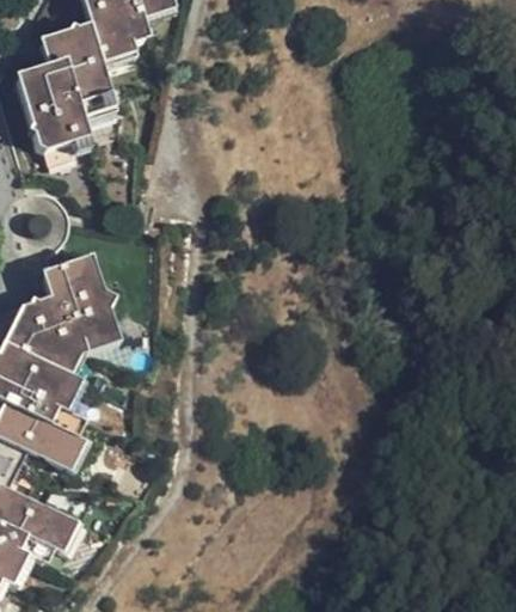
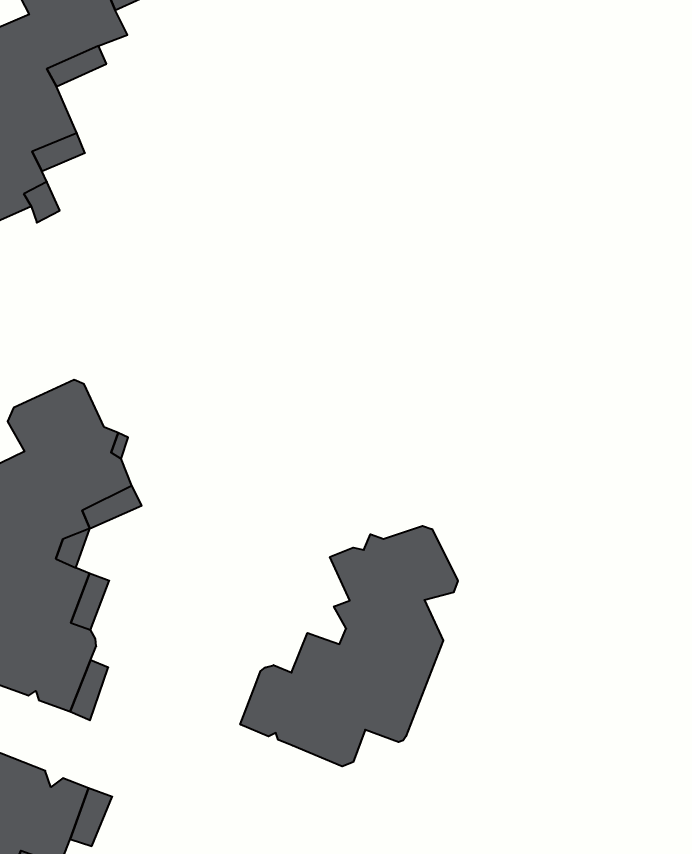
building: none -> [240,526,458,766]

